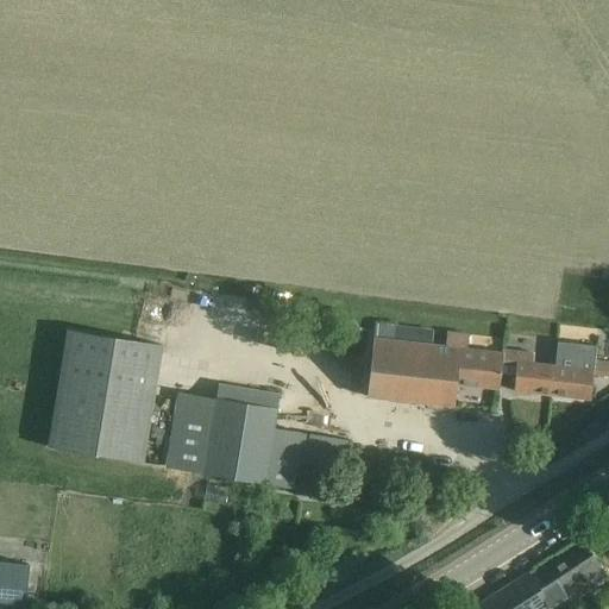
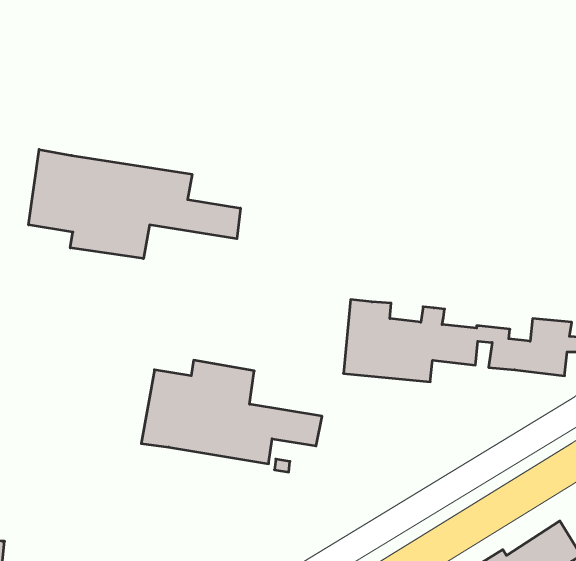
building: none -> [29,149,240,259]
building: [48,329,162,463] -> none

